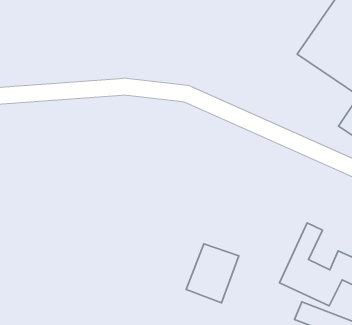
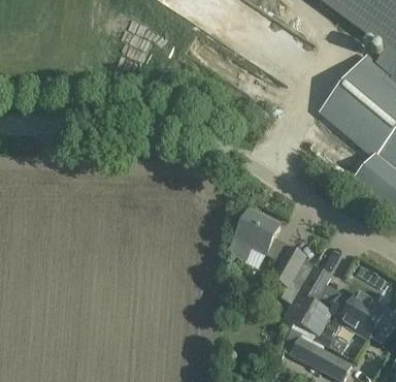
building: none -> [274,245,305,283]
building: [186,244,239,303] -> [229,209,280,264]

